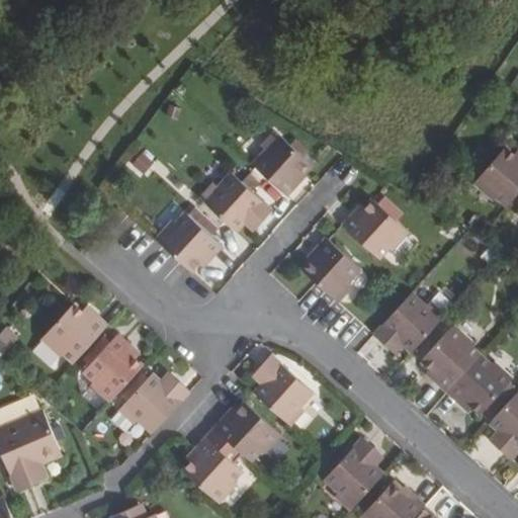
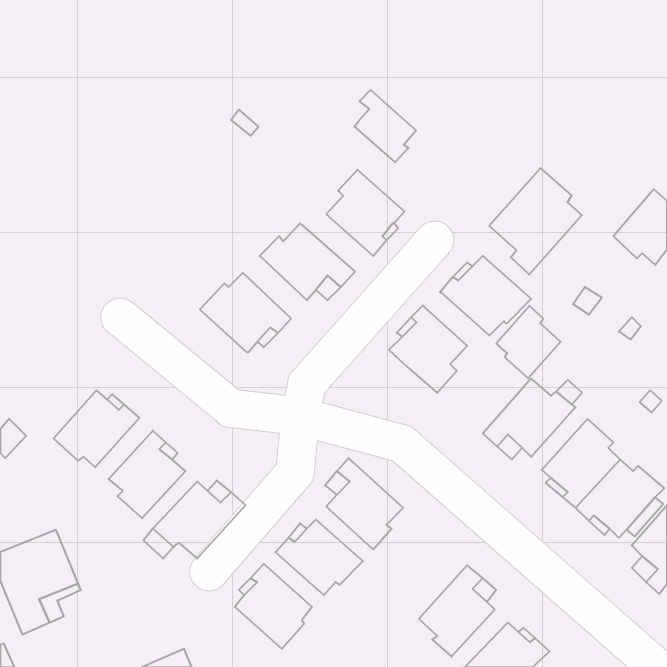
building: none -> [354,90,416,162]
building: none -> [489,168,582,275]
building: none -> [496,306,561,378]

